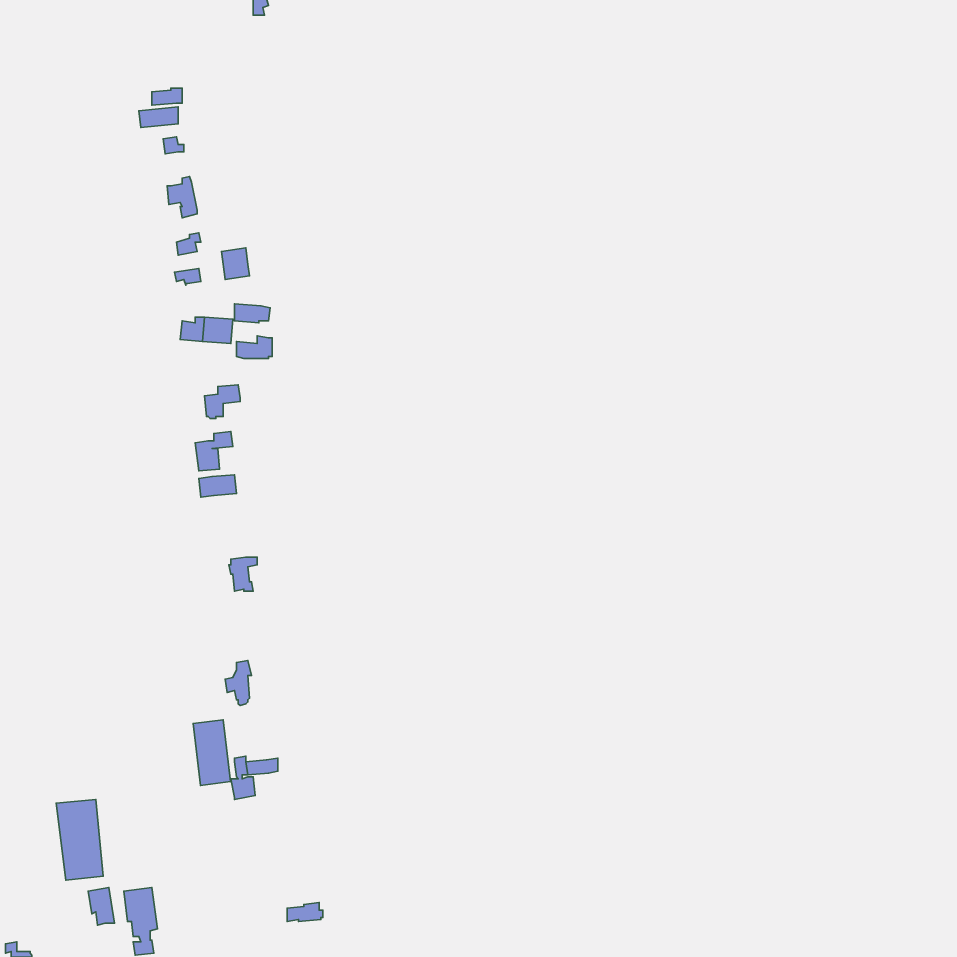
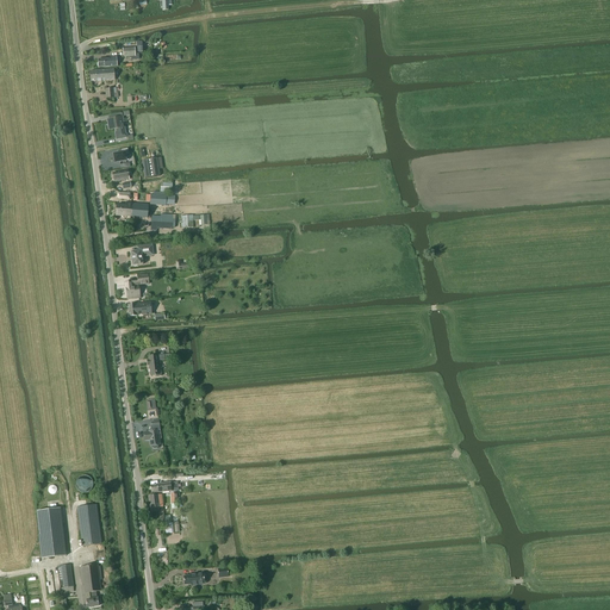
building: [193,720,231,785] -> [76,504,100,546]

